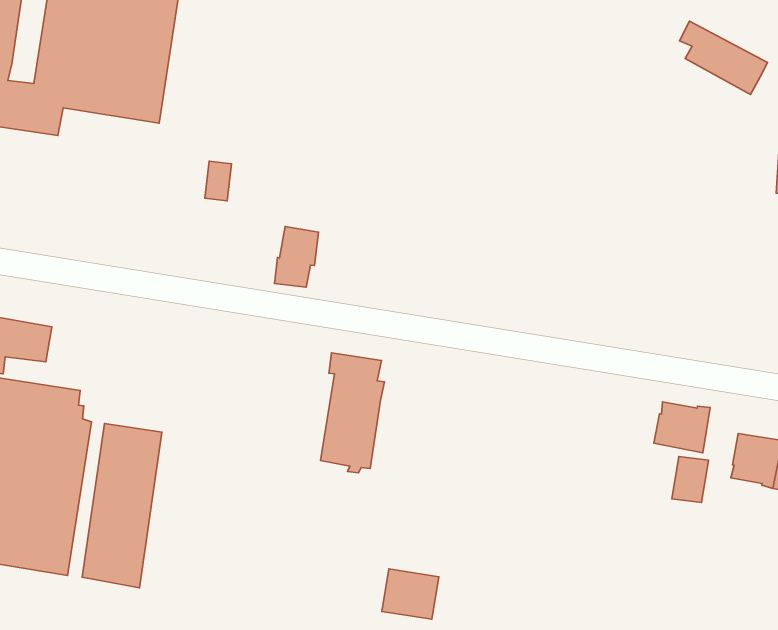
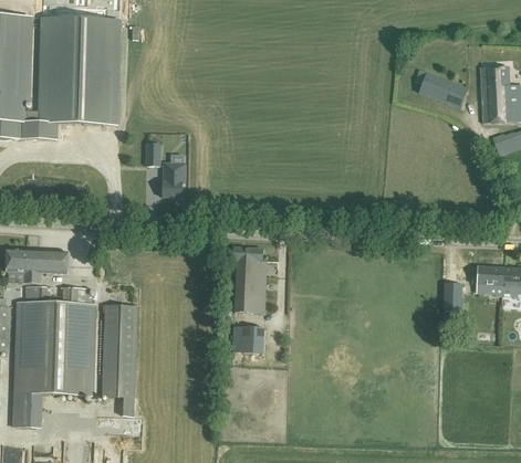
building: [680,21,767,94] -> [415,69,468,107]
building: [275,226,318,287] -> [163,161,185,196]
building: [654,402,710,453] -> none
building: [382,569,439,619] -> [233,325,264,351]

